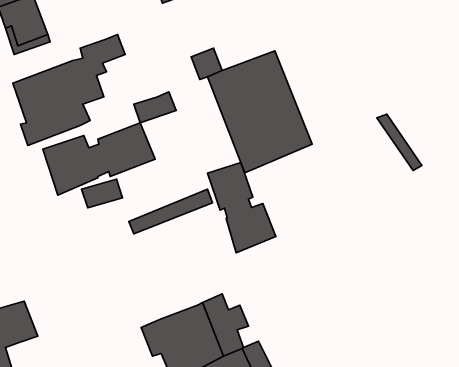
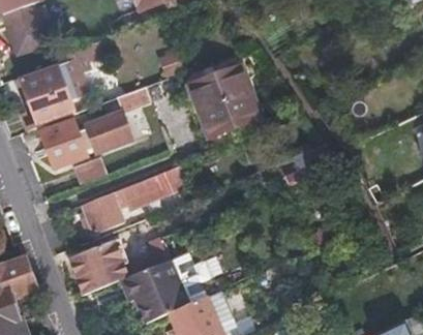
building: [208,162,276,253] -> none
building: none -> [83,192,124,234]
building: none -> [69,237,169,296]

